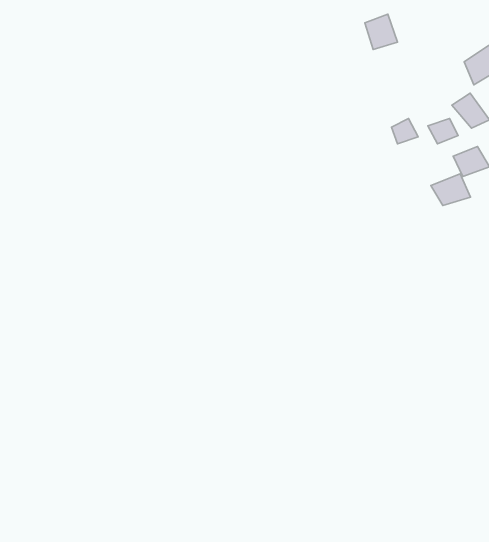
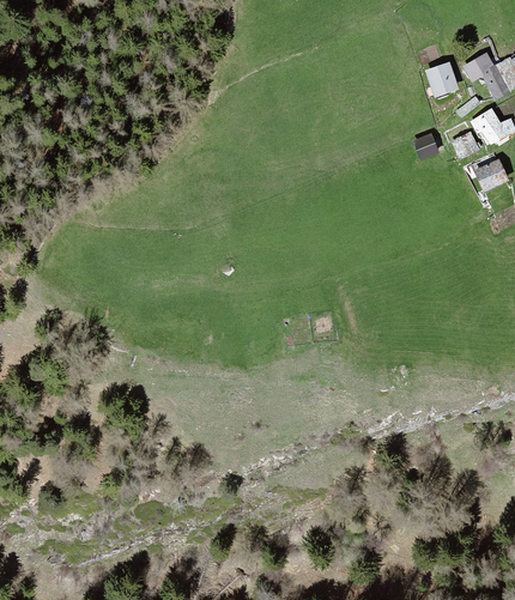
building: [365,14,398,49] -> [426,61,459,96]
building: none -> [462,53,496,83]
building: [431,174,470,206] -> none

